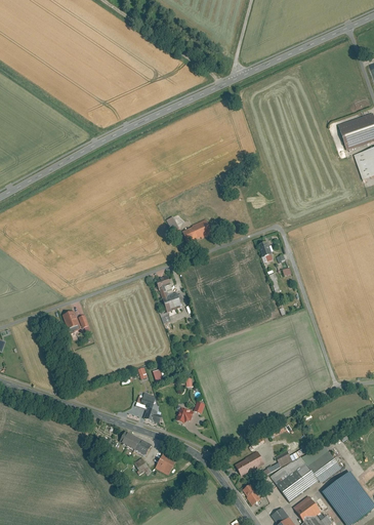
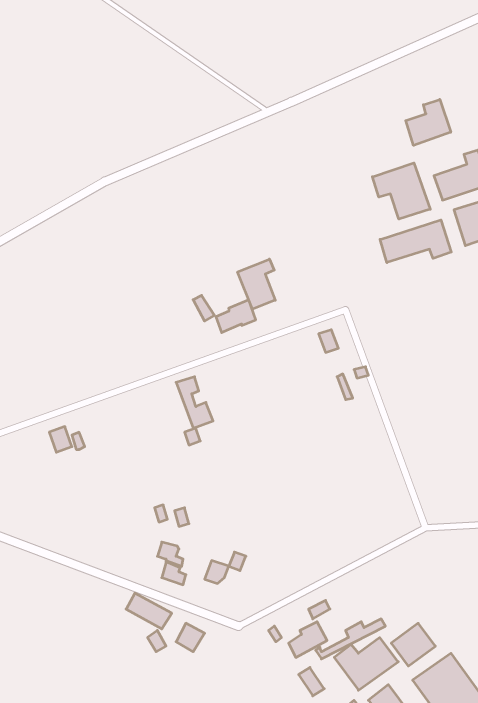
building: none -> [406,99,451,145]
building: none -> [372,163,430,219]
building: none -> [380,220,451,263]
building: none -> [238,259,275,309]

